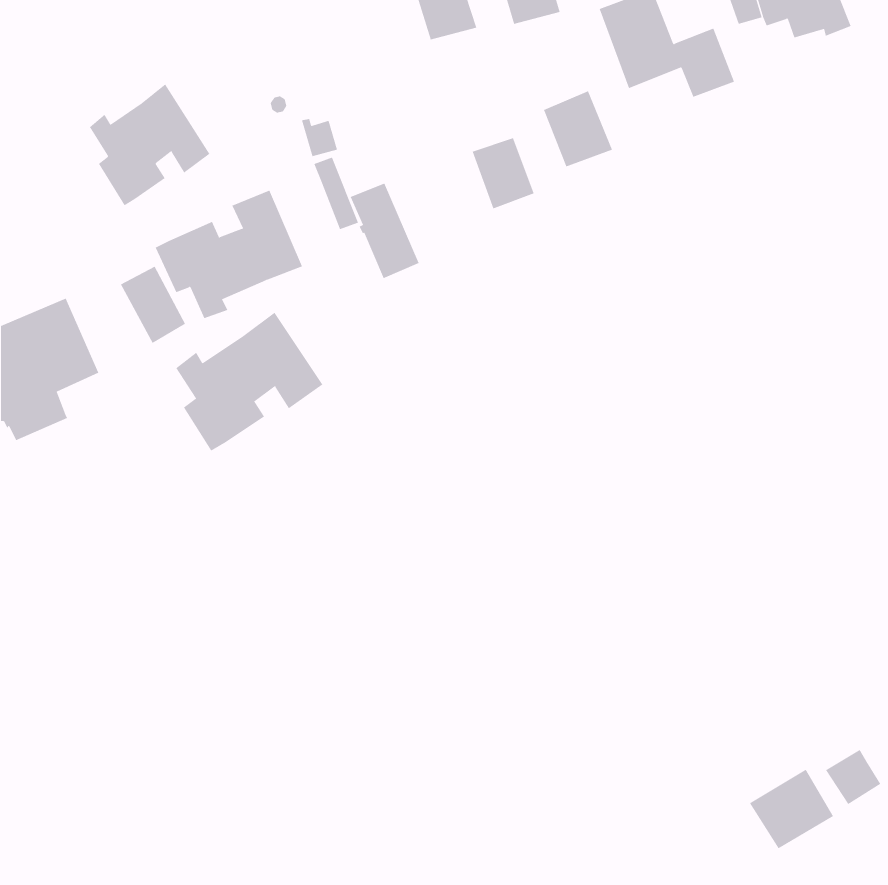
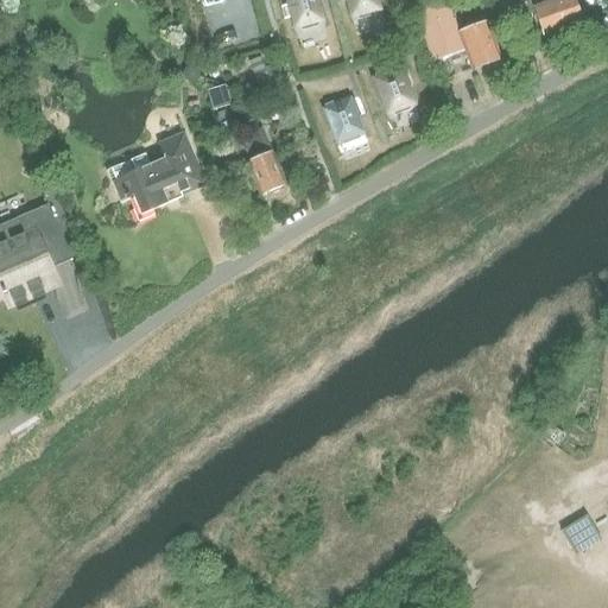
building: [89,84,210,206] -> none
building: [120,266,186,344] -> none
building: [176,312,323,452] -> none
building: [749,769,834,849] -> none

